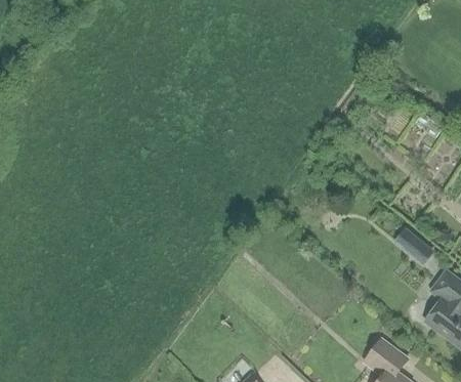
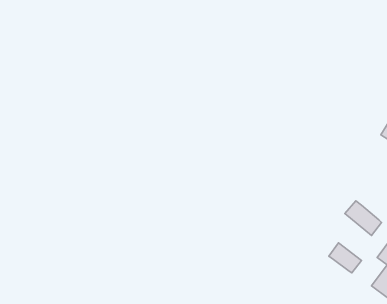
building: none -> [329,243,362,273]

